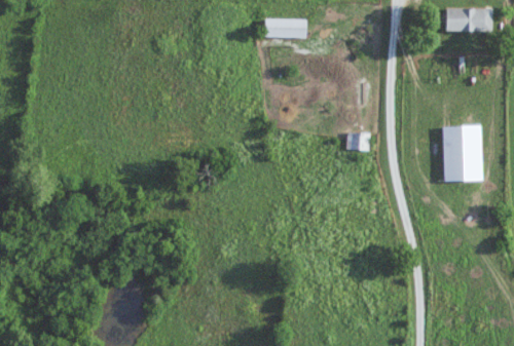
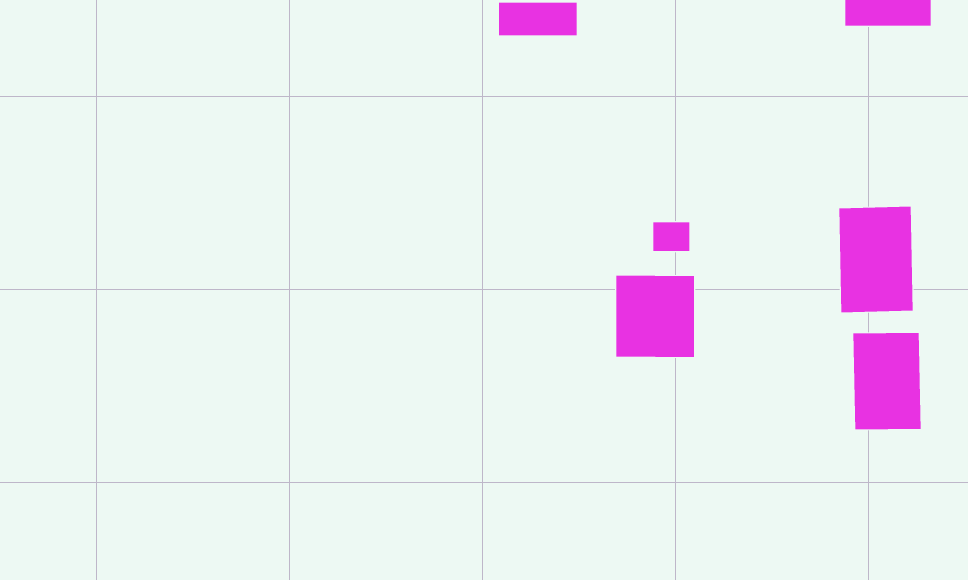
building: none -> [616,275,695,358]
building: none -> [853,332,921,430]

